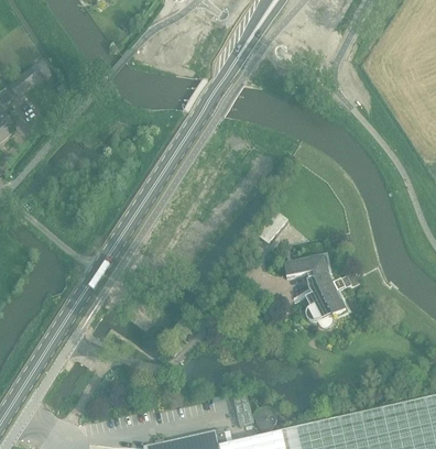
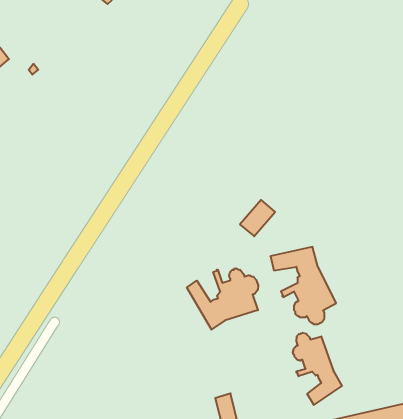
building: none -> [187,268,258,330]
building: none -> [293,333,342,405]

